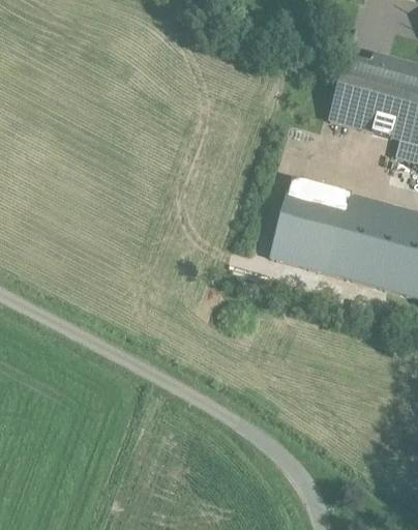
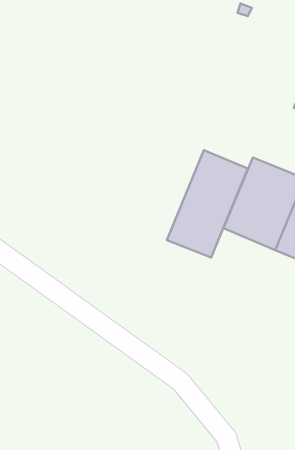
building: none -> [167,150,248,258]

